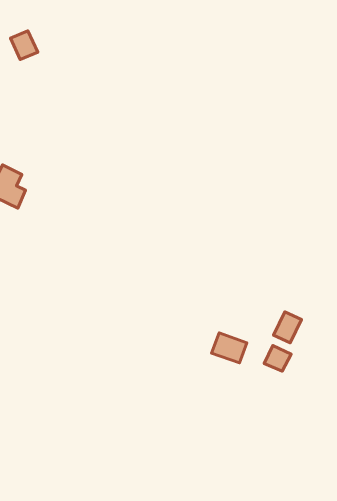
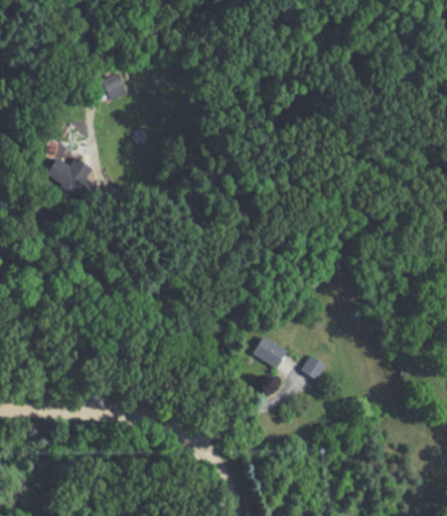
building: [10,31,38,60] -> [102,74,126,100]
building: [274,312,301,343] -> none

